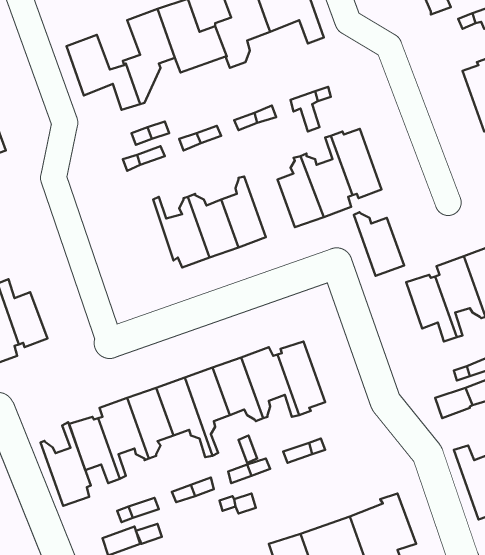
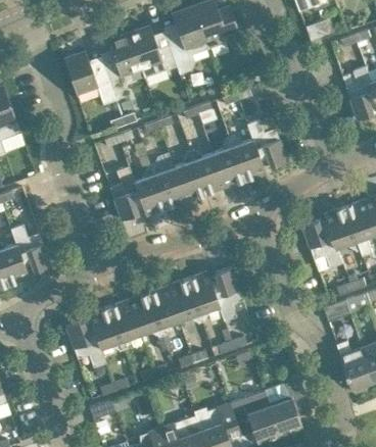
building: none -> [109,167,139,219]
building: [354,212,404,276] -> [189,149,225,194]
building: [41,422,91,506] -> none

